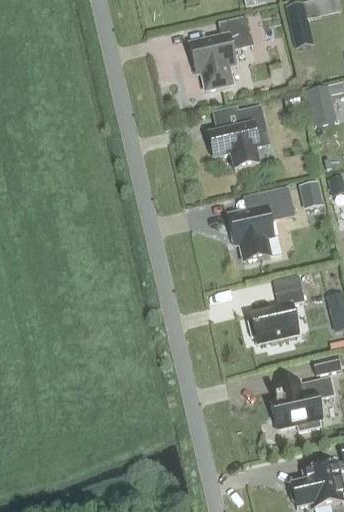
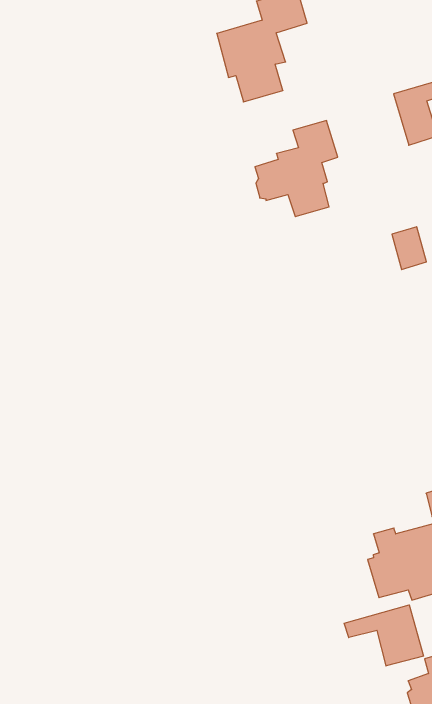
building: [229,187,294,261] -> none
building: [249,287,305,343] -> none
building: none -> [344,605,424,666]

